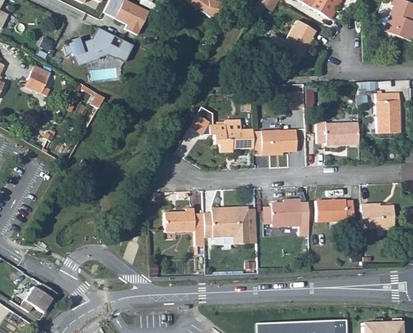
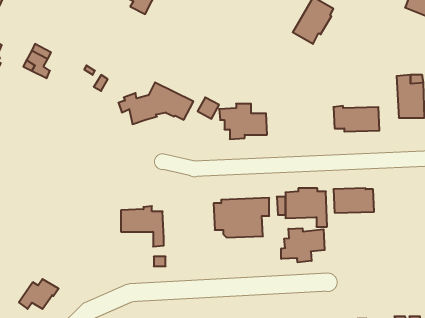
building: [64,26,134,65] -> [118,82,193,124]
building: [260,129,296,155] -> none
building: [360,203,394,228] -> none
building: [164,207,204,245] -> [121,206,164,247]
building: none -> [281,228,325,262]

